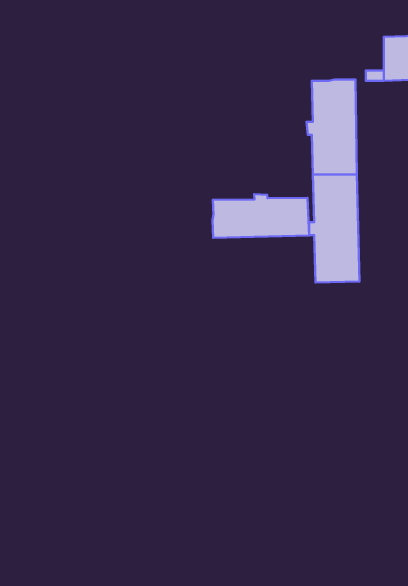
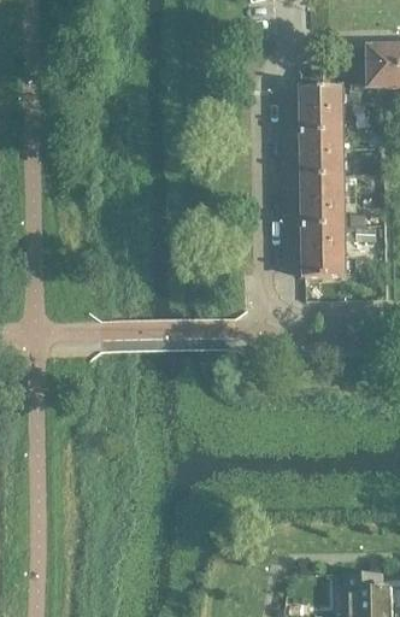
building: [212,194,309,238] -> none

